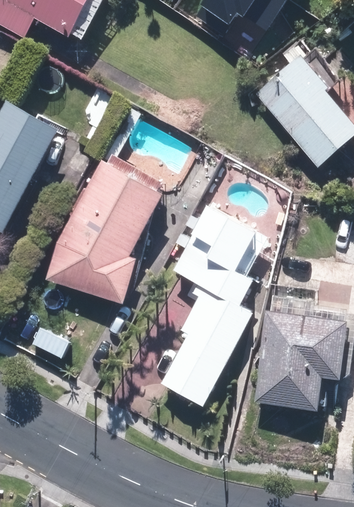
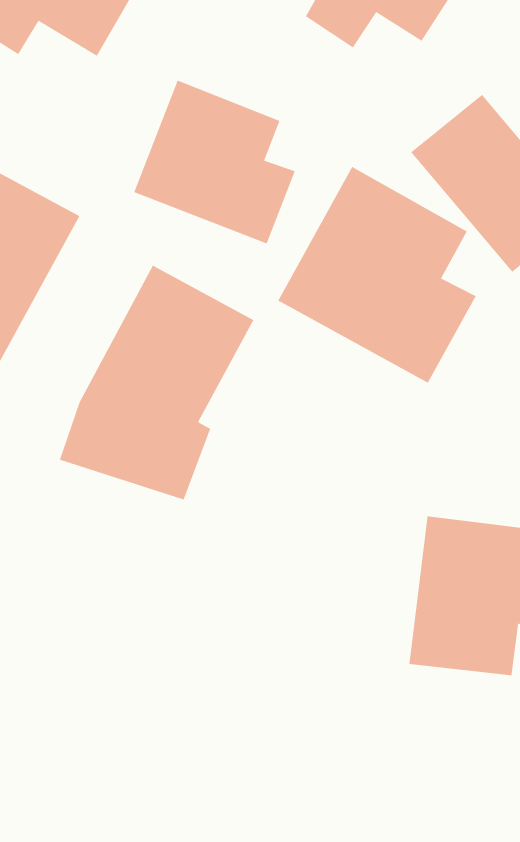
building: none -> [133,79,296,245]
building: none -> [277,166,477,384]
building: [162,206,266,403] -> none

